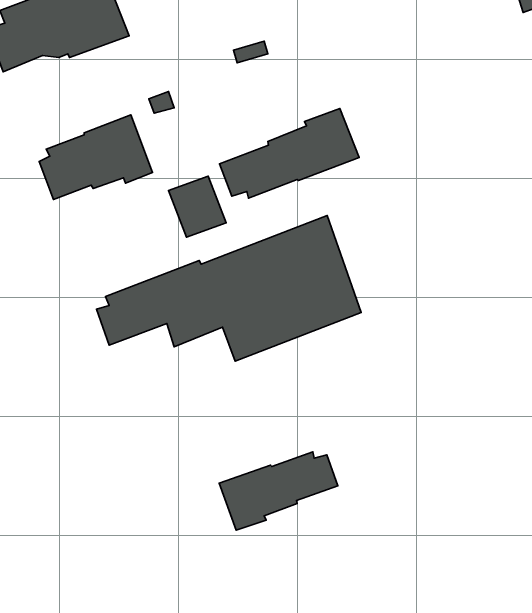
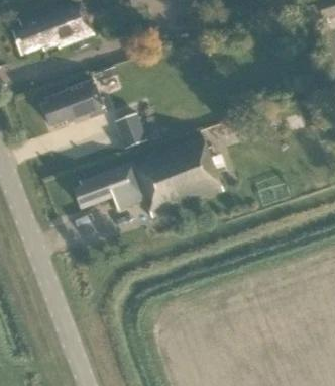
building: [220,108,359,198] -> none
building: [219,452,338,530] -> none

